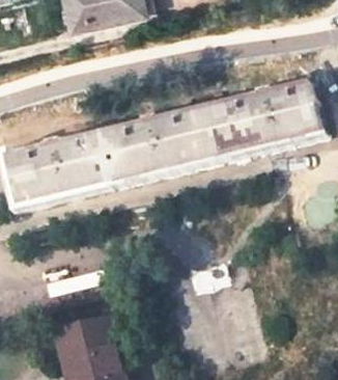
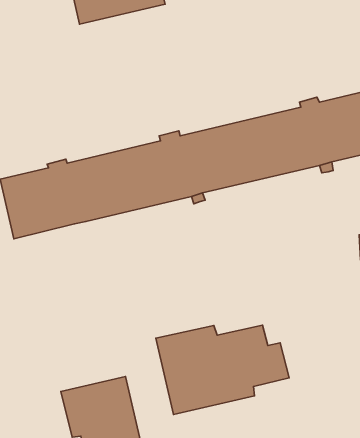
building: none -> [156,325,289,415]

